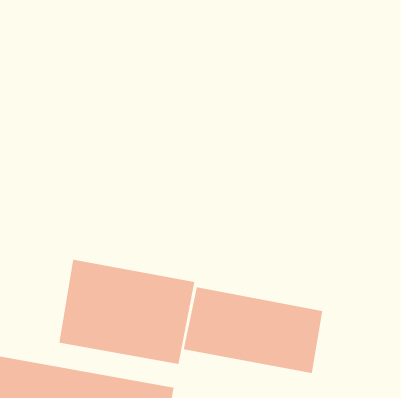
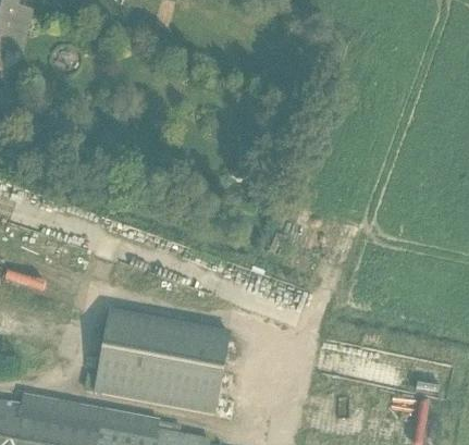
building: [183,287,323,374] -> none

